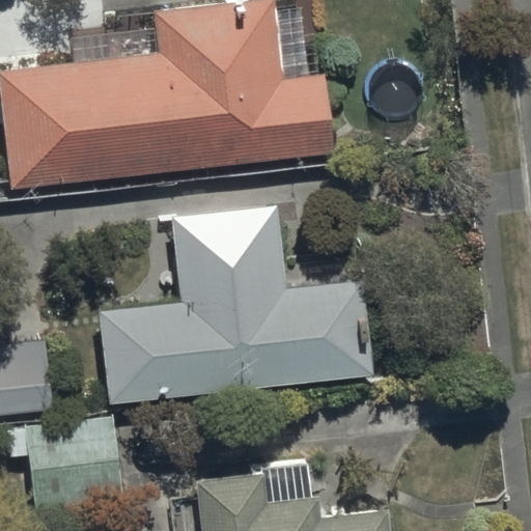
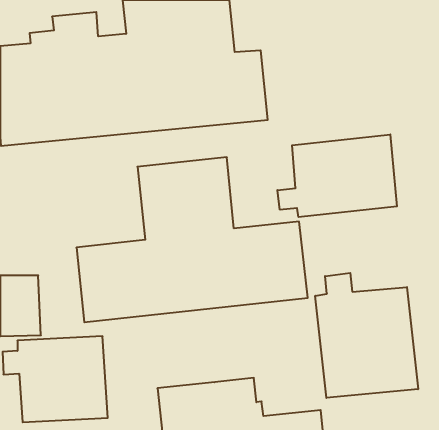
building: none -> [277,134,397,217]
building: none -> [315,273,418,398]

